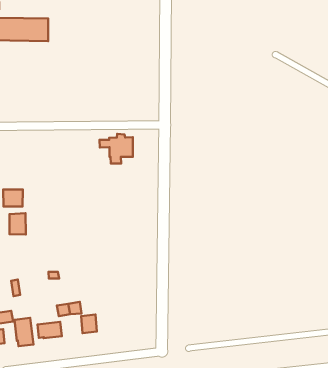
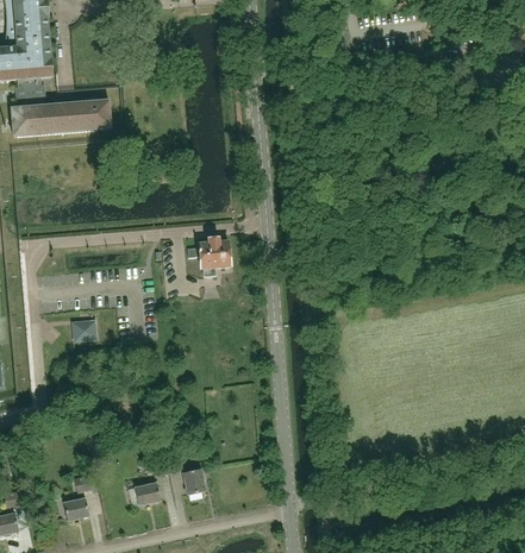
building: [10,213,26,234] -> none
building: [14,318,33,346] -> none

